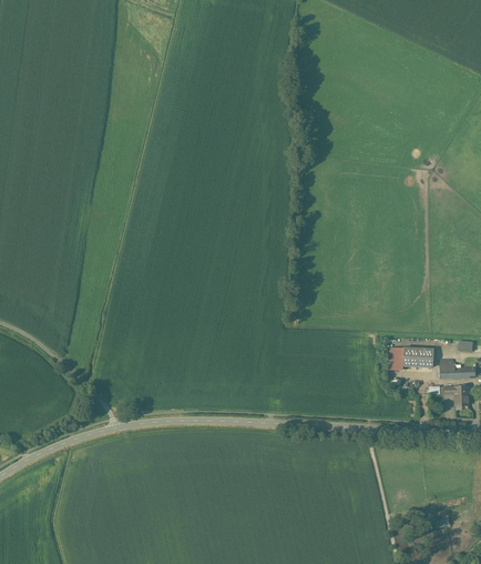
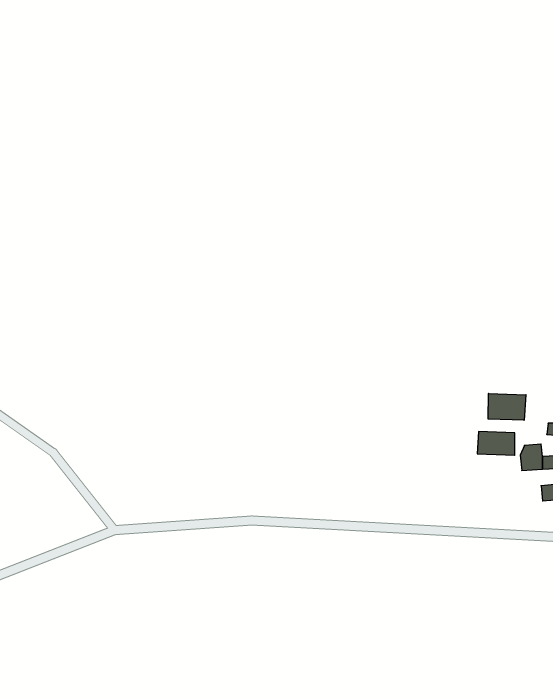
building: none -> [488,393,526,420]

